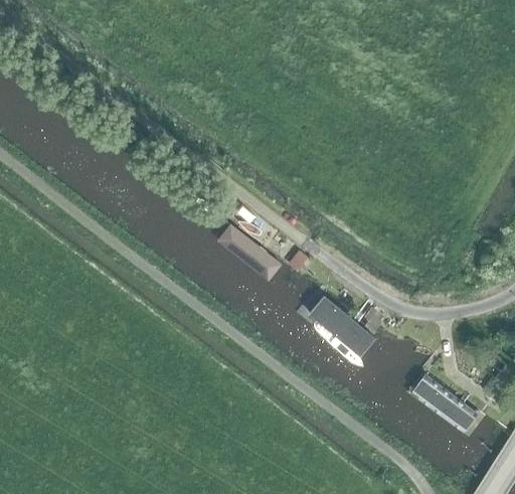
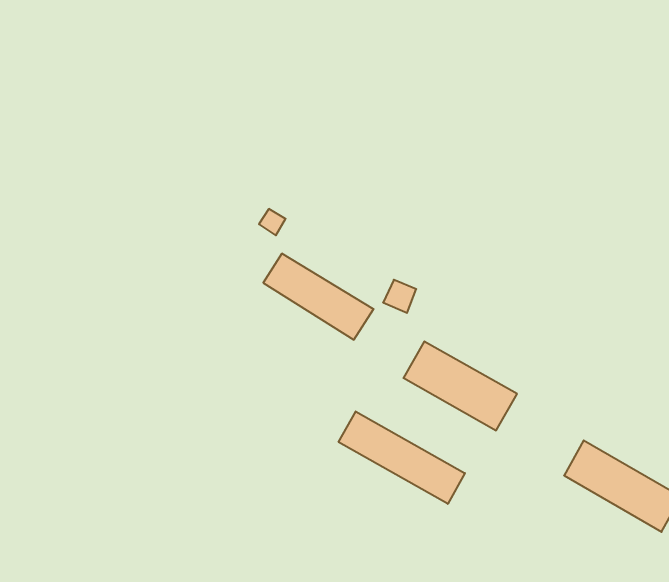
building: none -> [339,411,465,504]

